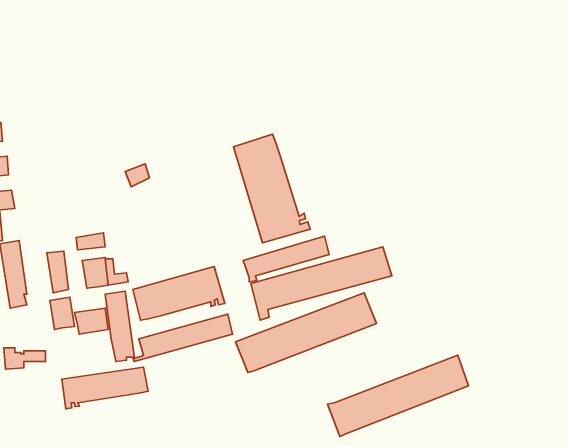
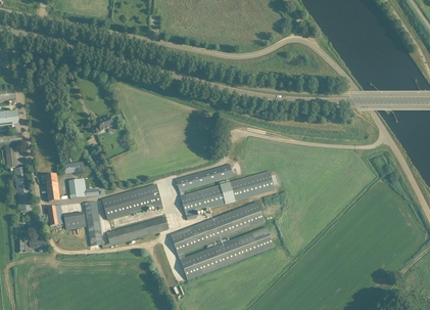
building: [234,134,310,243] -> none
building: [327,355,469,436] -> [180,225,274,279]
building: [62,367,148,409] -> none

